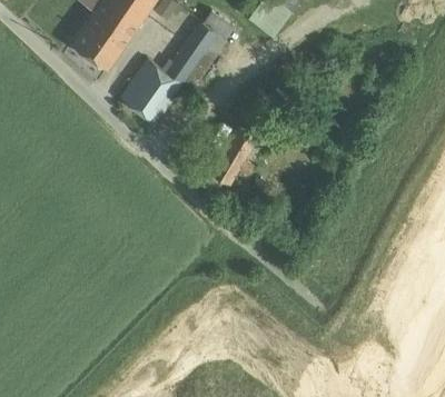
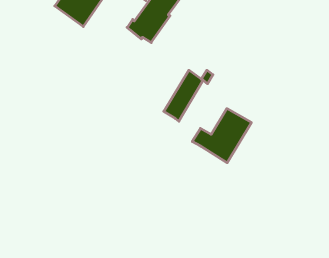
building: [120,60,180,122] -> none
building: none -> [192,109,251,163]

